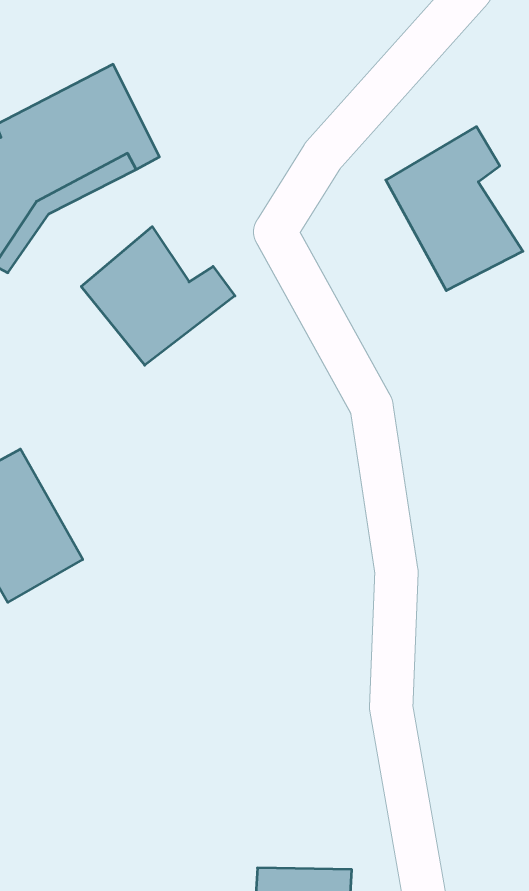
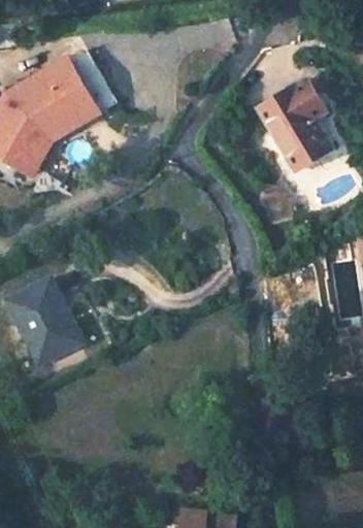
building: [81,227,235,365] -> none

